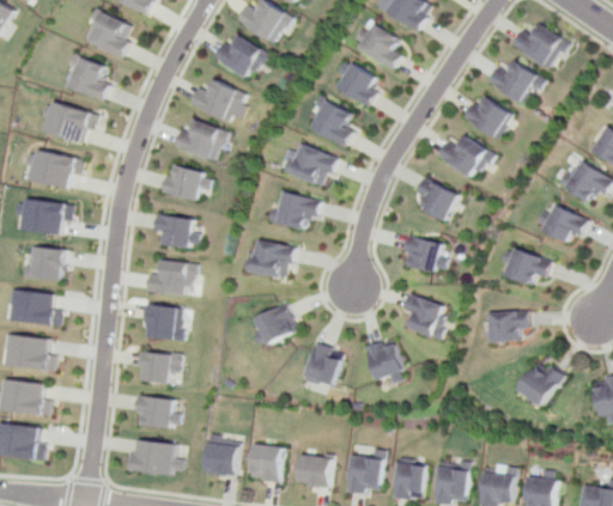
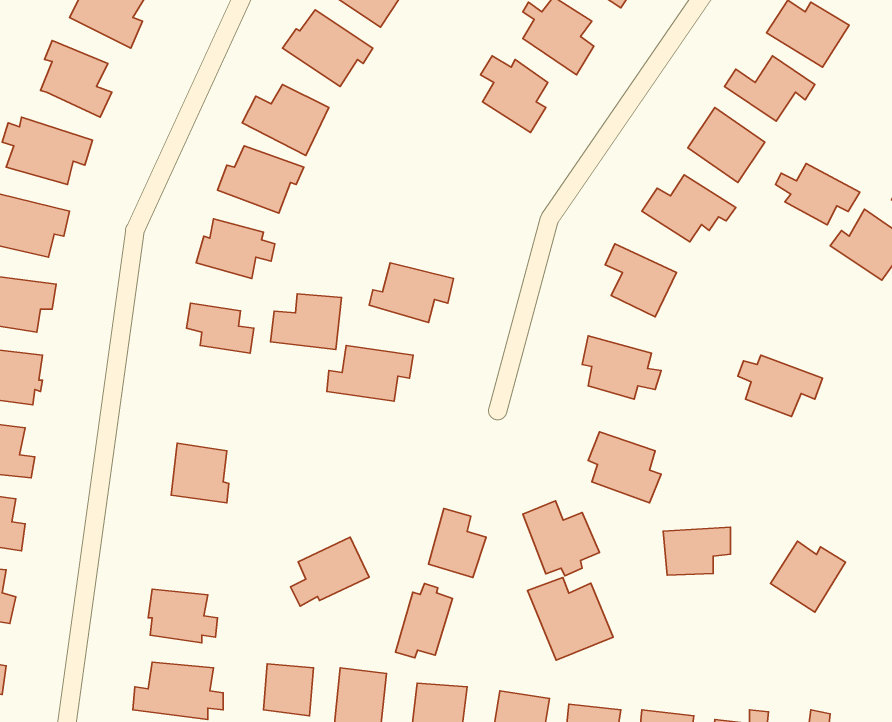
building: [312,98,357,151] -> none
building: [285,142,341,185] -> none
building: [533,207,585,245] -> [775,163,860,225]
building: [146,261,190,295] -> [270,294,341,349]
building: [248,303,297,346] -> [291,537,369,606]
building: [488,313,530,343] -> [663,527,730,575]
building: [136,350,176,384] -> none
building: none -> [527,577,613,660]
building: none -> [395,584,452,658]

